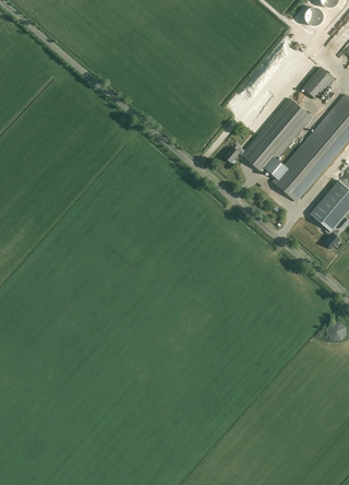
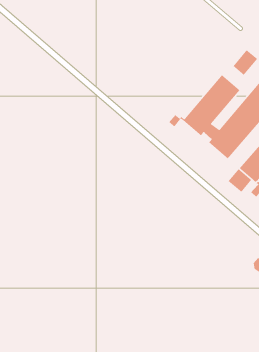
building: none -> [228,168,252,193]

